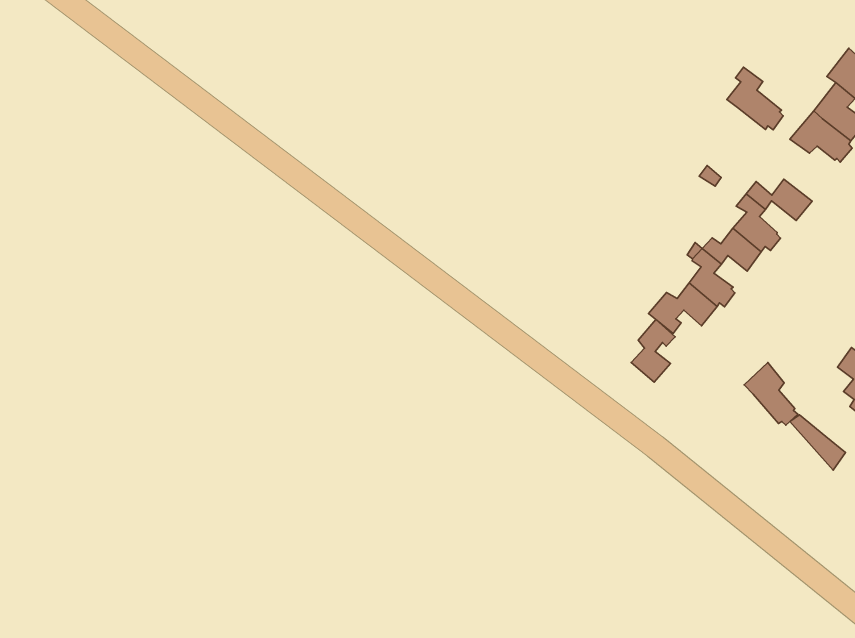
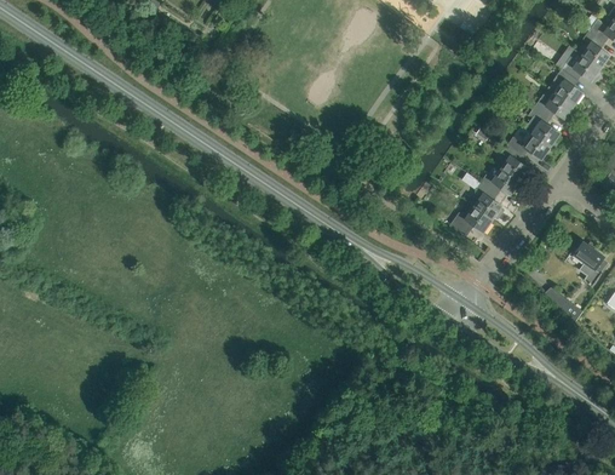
building: [727,67,783,130] -> [524,105,562,145]
building: [631,319,675,382] -> none
building: [744,363,798,425] -> none

